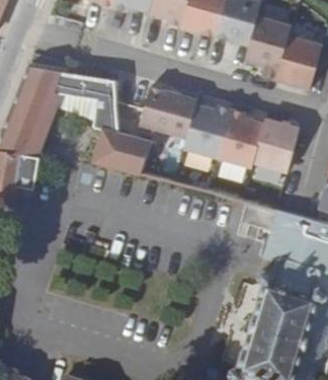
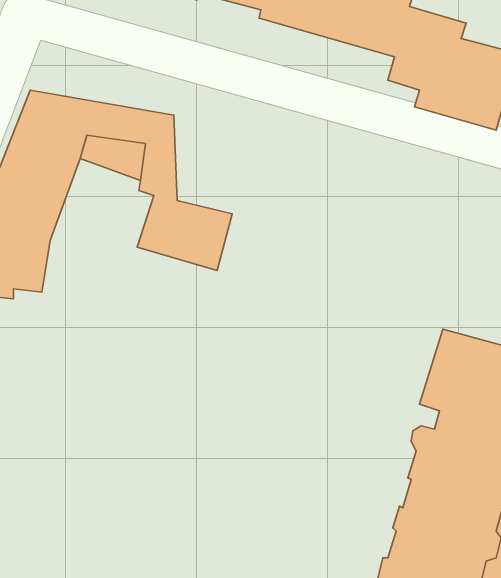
building: [140,85,300,172] -> none

